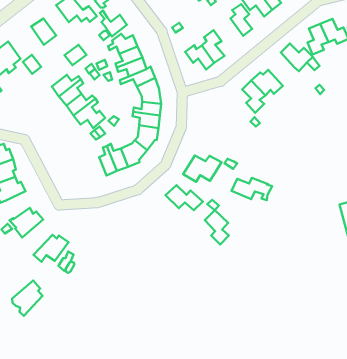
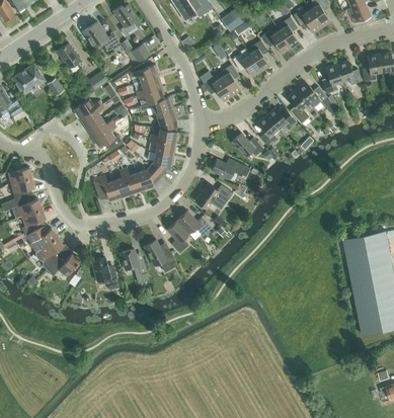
building: none -> [232,48,260,77]
building: none -> [287,89,310,123]
building: none -> [232,133,263,157]
building: none -> [93,175,121,201]
building: [232,178,272,200] -> [211,159,250,181]
building: none -> [21,207,46,234]
building: [205,210,229,245] -> [166,220,188,253]
building: none -> [143,239,177,271]
building: none -> [120,248,149,283]
building: none -> [91,257,120,289]
building: [12,280,43,316] -> [35,236,65,269]

